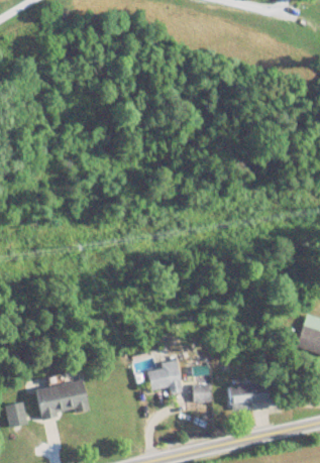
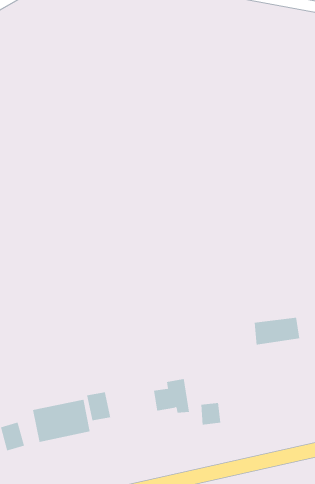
building: none -> [87,391,111,421]
building: [230,380,274,407] -> [254,317,300,345]

